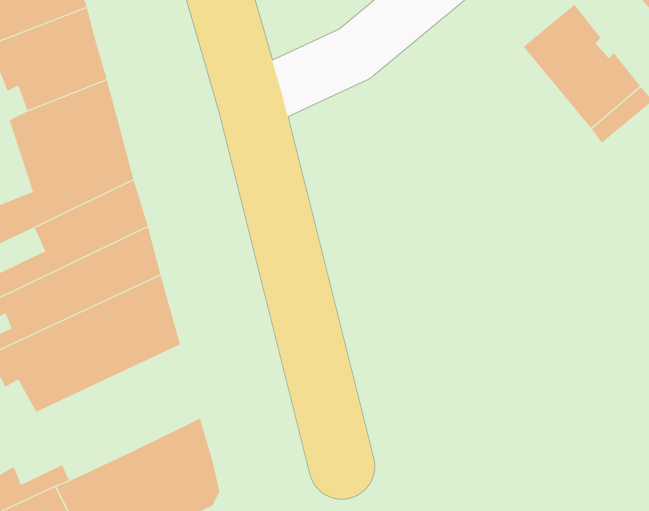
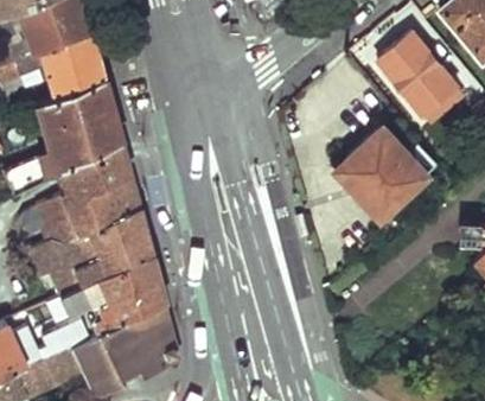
building: none -> [334,123,434,217]
building: none -> [56,255,165,325]

